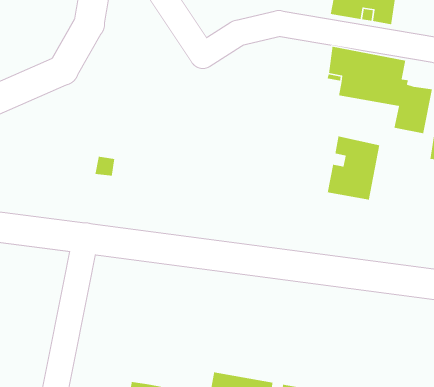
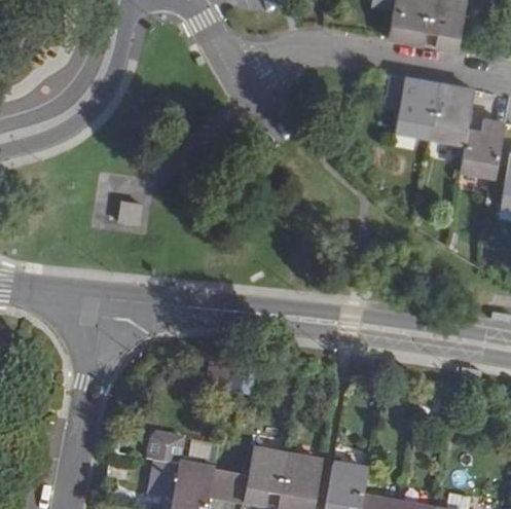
building: [327,136,380,200] -> none
building: none -> [148,429,184,463]

